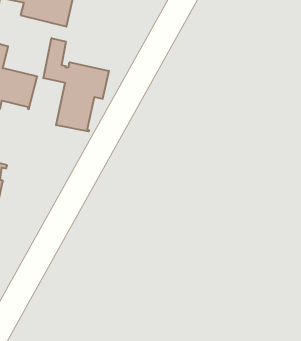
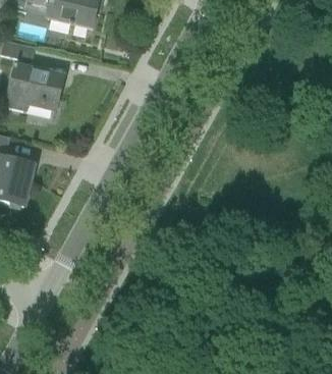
building: [43,38,109,131] -> none

